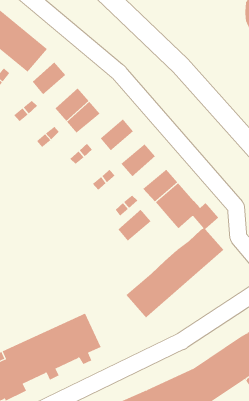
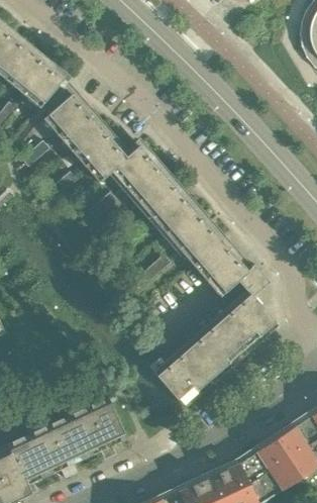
building: none -> [58,108,100,148]
building: none -> [98,143,154,185]
building: none -> [139,176,181,215]
building: [117,209,152,241] -> [166,206,207,245]

